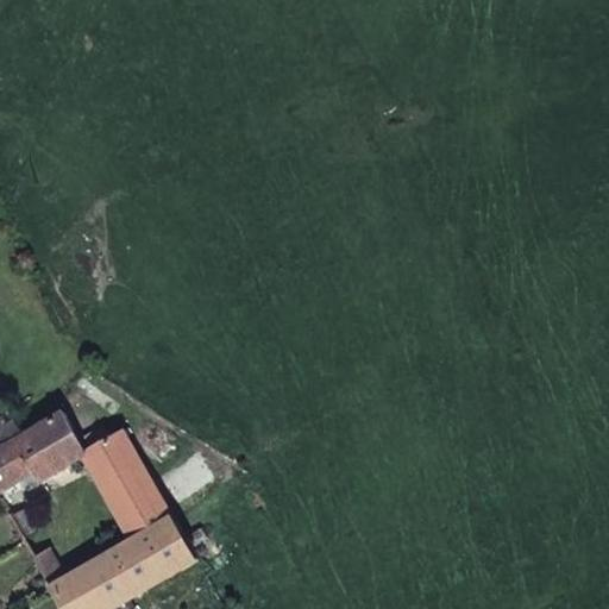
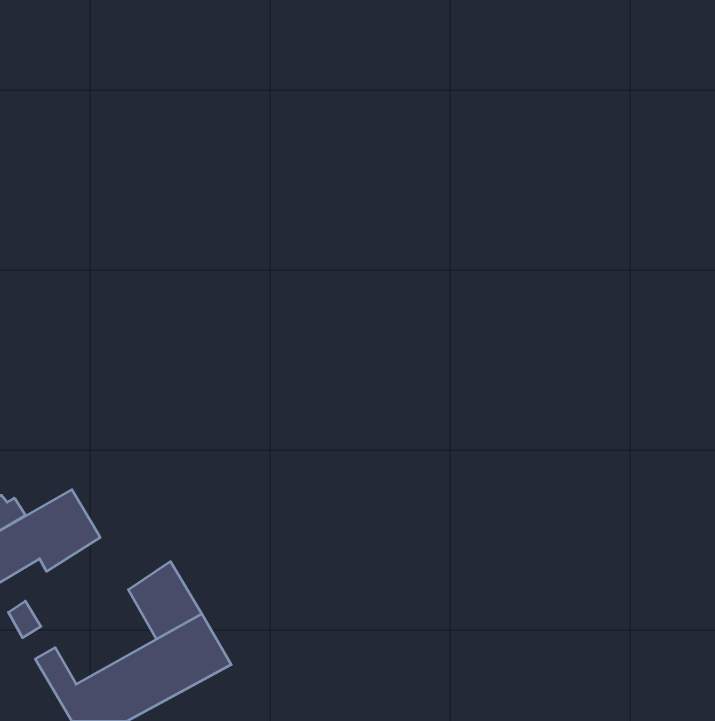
building: [83,429,144,497] -> none

